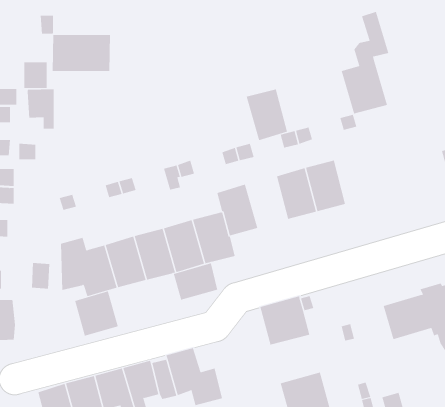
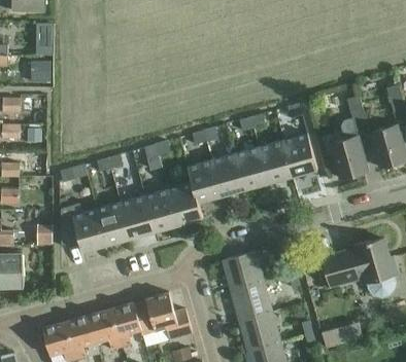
building: [341,11,389,114] -> [330,96,369,179]
building: [52,34,110,72] -> none
building: [27,89,54,129] -> none
building: [246,89,288,141] -> [211,154,245,196]
building: none -> [283,134,317,177]
building: [173,262,218,300] -> none
building: [74,291,118,337] -> none
building: none -> [231,283,272,322]

